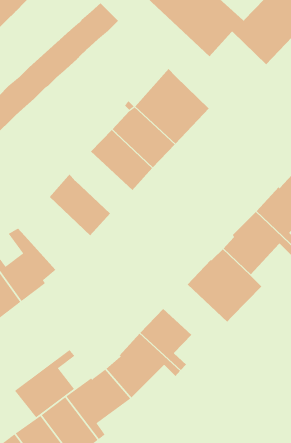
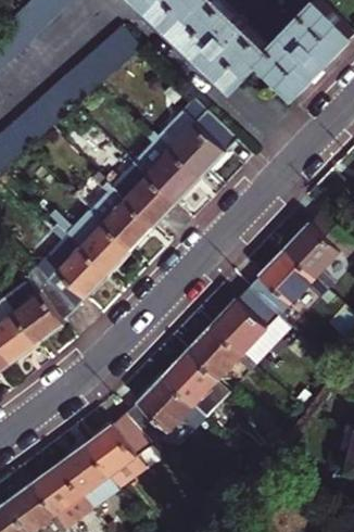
building: none -> [84,189,150,254]
building: none -> [29,237,105,314]
building: none -> [182,329,250,382]
building: [14,349,75,418] -> none

